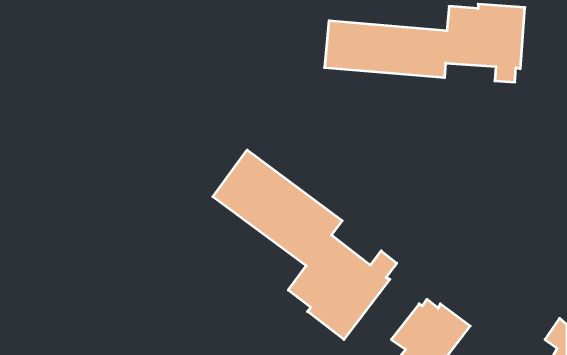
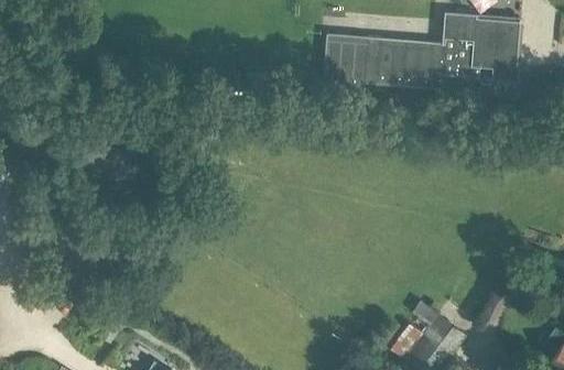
building: [213,150,397,340] -> none

